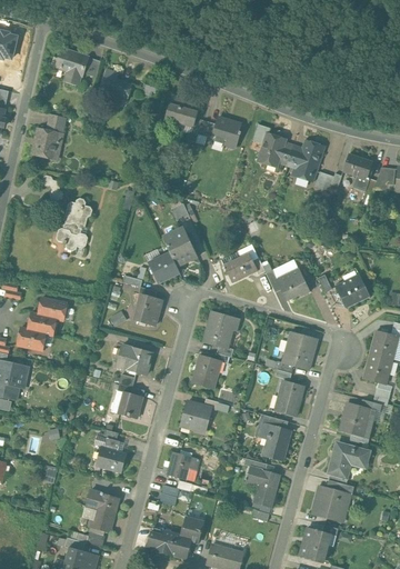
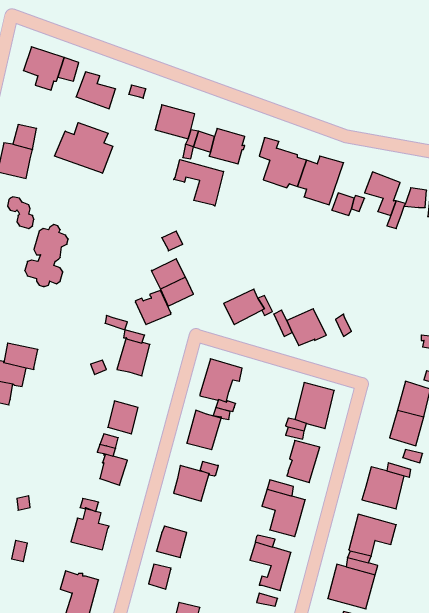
building: none -> [55,123,113,173]
building: none -> [174,160,224,206]
building: [336,276,369,307] -> none

